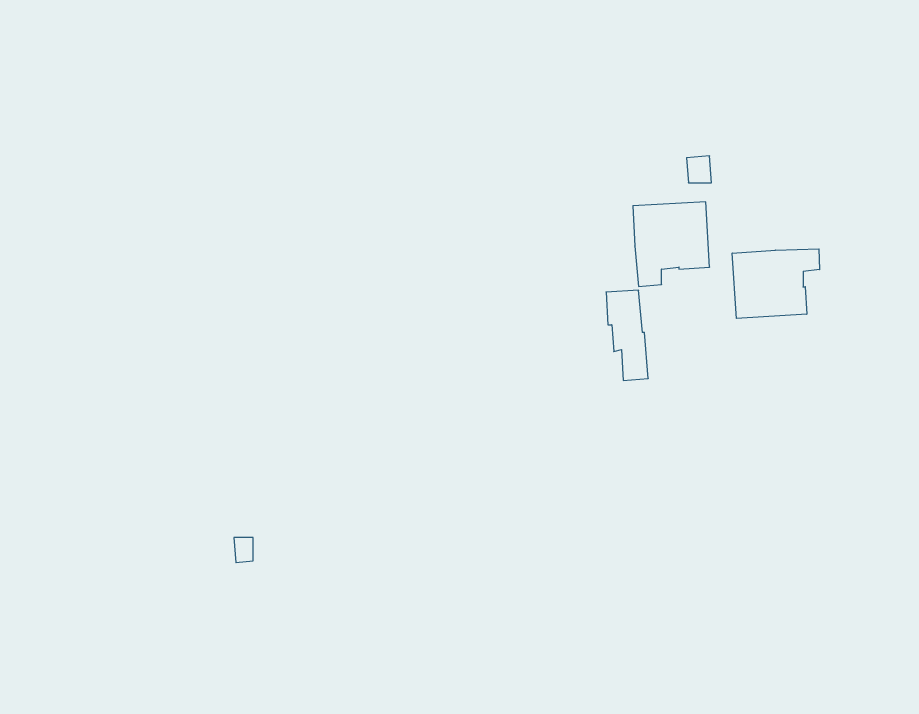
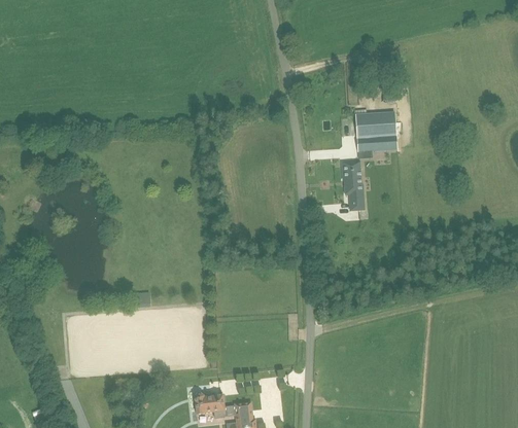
building: [732,249,820,318] -> none

